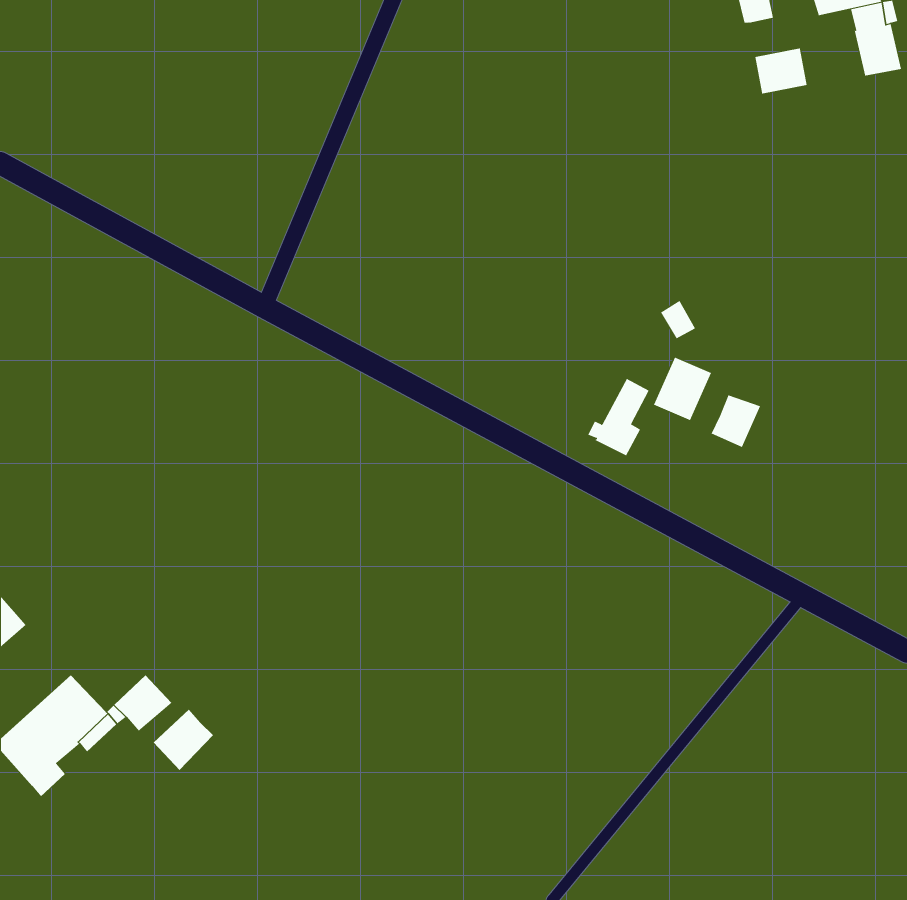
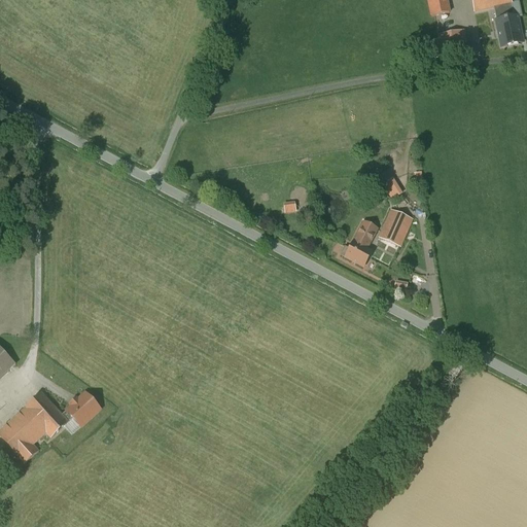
building: [711,394,761,448] -> none
building: [153,709,214,771] -> none

